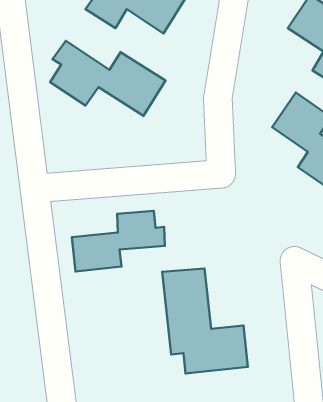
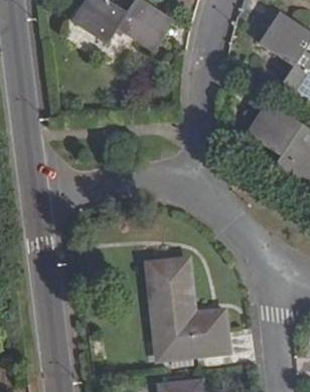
building: [50,41,165,116] -> none
building: [72,211,165,271] -> none

